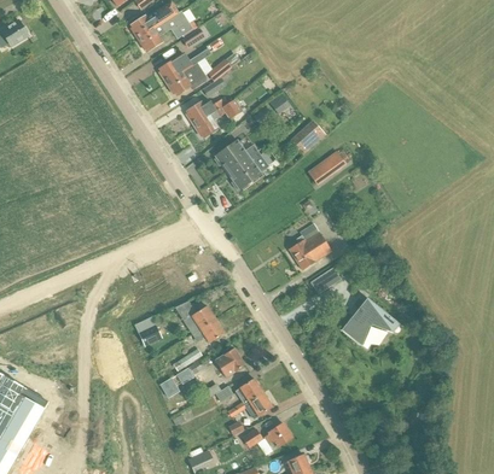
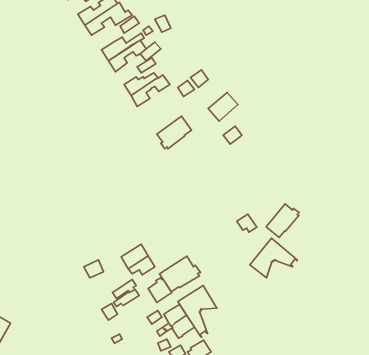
building: [214,139,257,170] -> none
building: [289,230,331,269] -> none
building: none -> [266,204,299,237]
building: none -> [160,256,200,292]
building: none -> [178,285,217,337]

